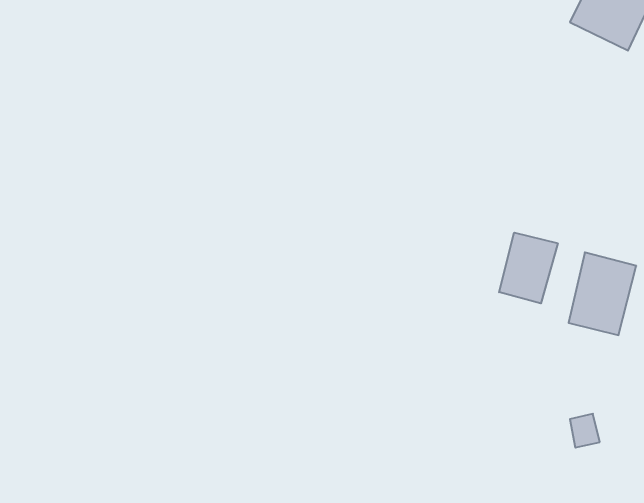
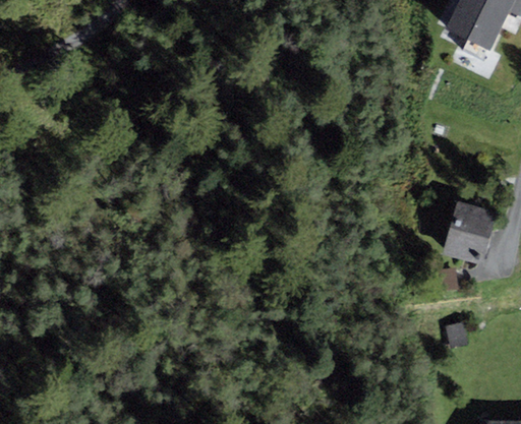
building: [499,233,558,303] -> none

